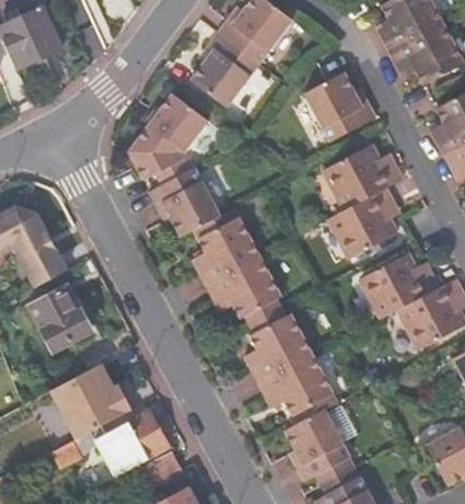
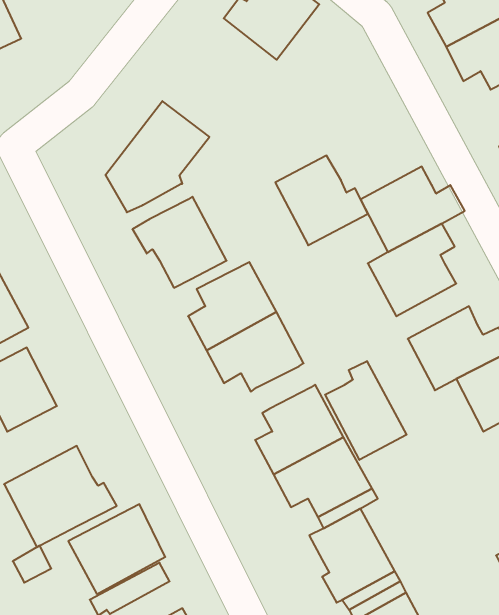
building: [190,32,259,107] -> none
building: [304,75,375,144] -> [275,156,368,245]
building: none -> [325,361,407,460]

